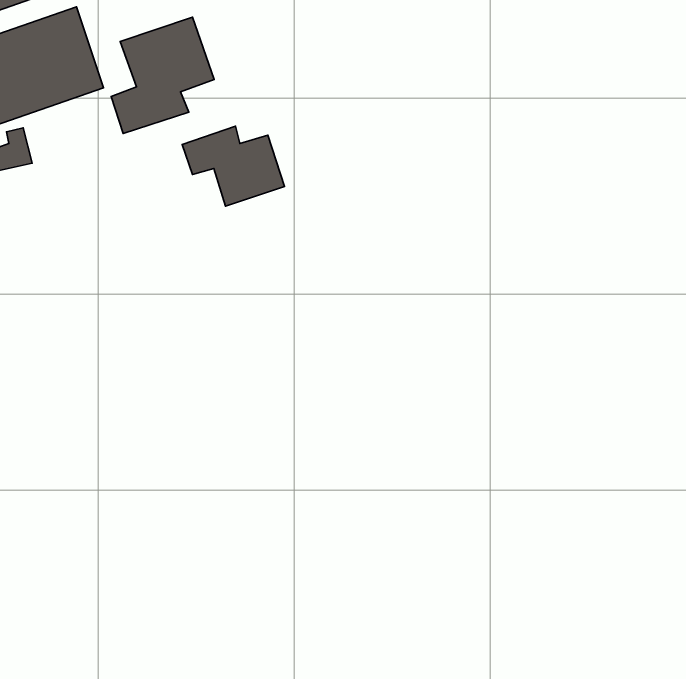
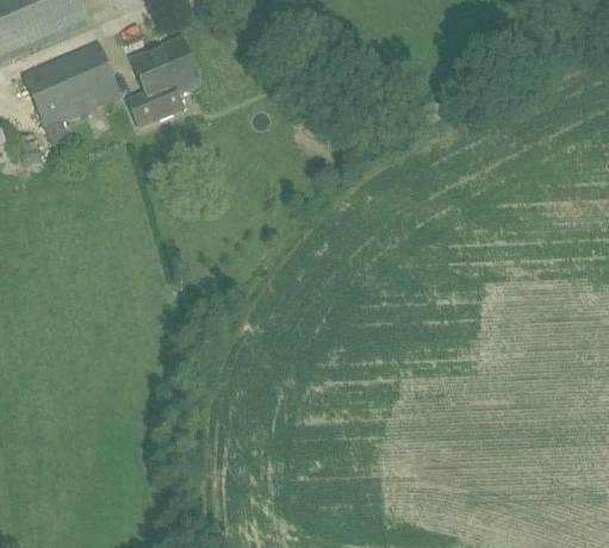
building: [182,126,284,206] -> none

